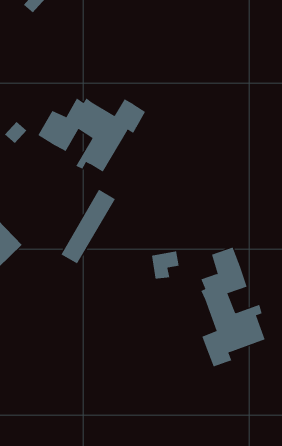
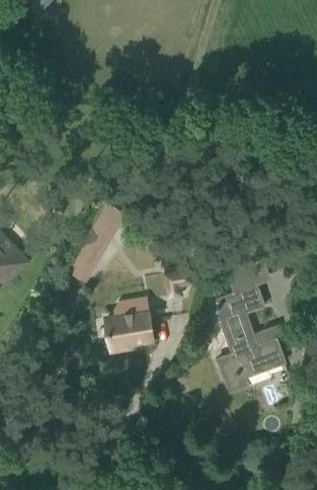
building: [38,98,146,173] -> none
building: none -> [106,297,151,350]

